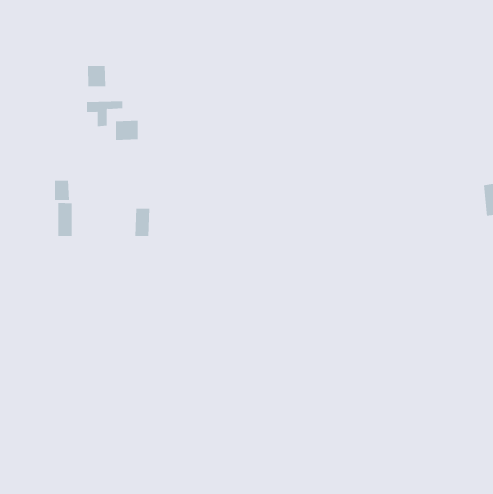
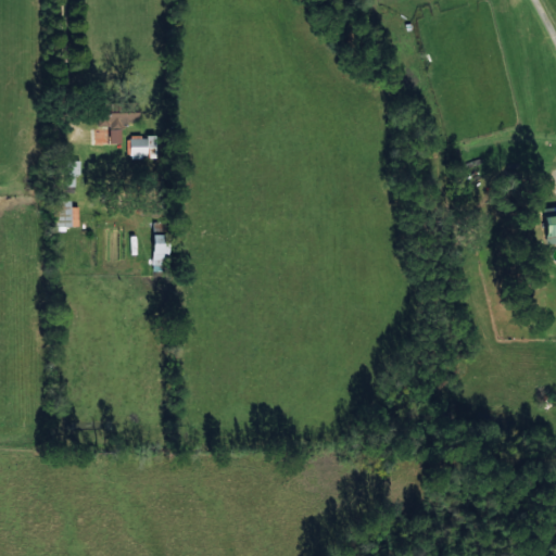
building: [87,65,106,87] -> none
building: [58,202,72,237] -> none

